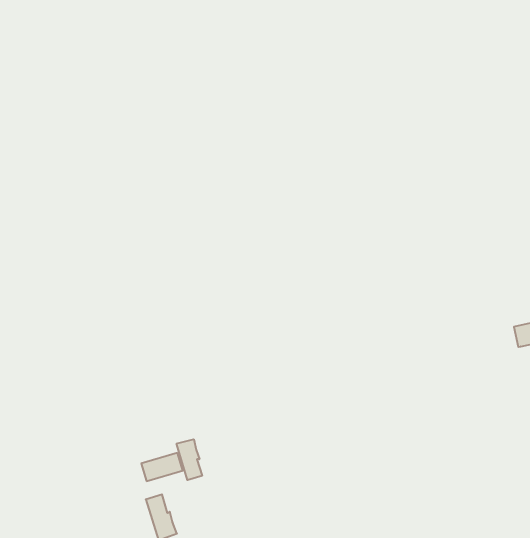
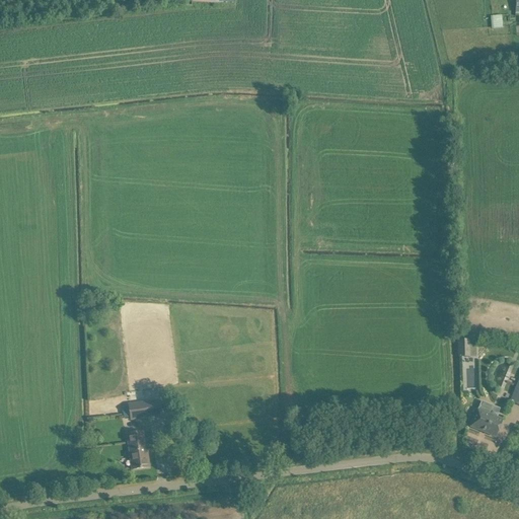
building: [177,439,202,480] -> none

